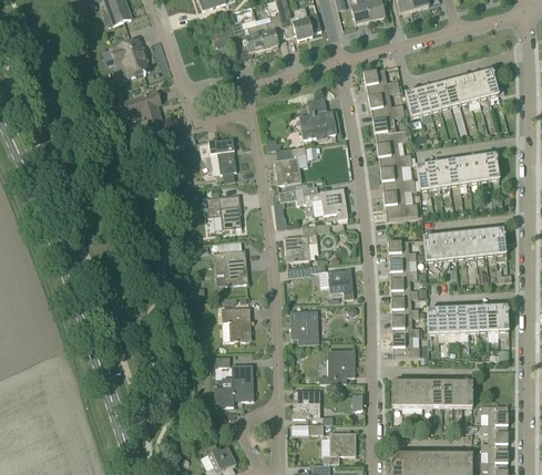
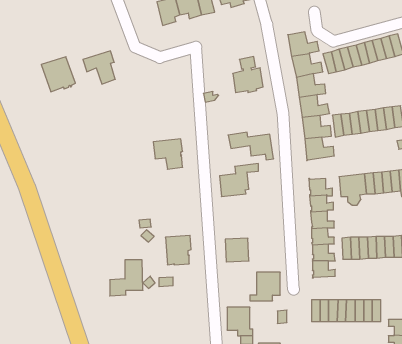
building: [110,38,150,79] -> [41,57,75,92]
building: [208,137,236,173] -> none
building: [274,145,305,184] -> none
building: [214,248,248,285] -> none
building: [303,264,354,298] -> none
building: [214,363,253,405] -> [110,260,143,296]

